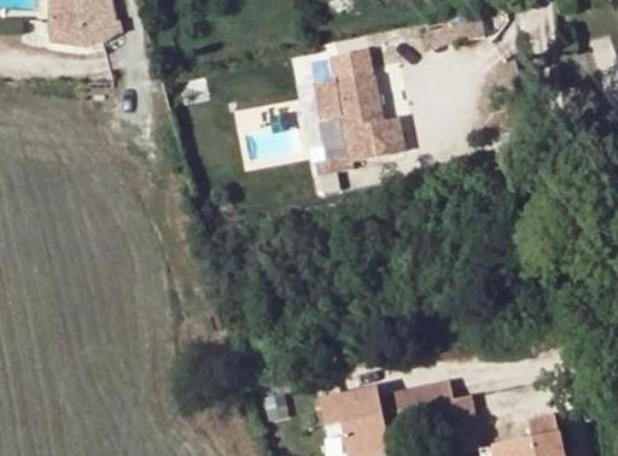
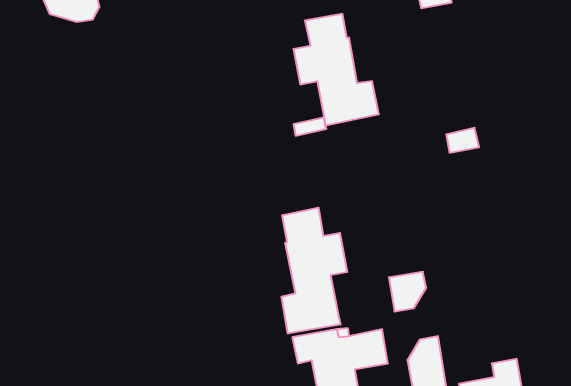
building: none -> [281,208,347,334]
building: [412,376,451,419] -> [389,272,426,312]

